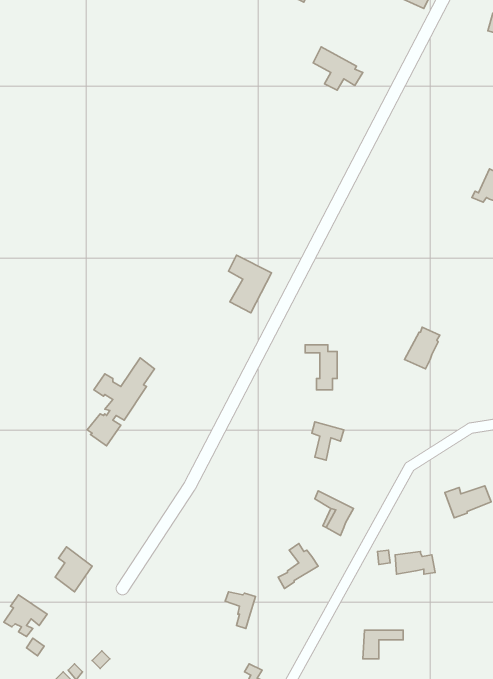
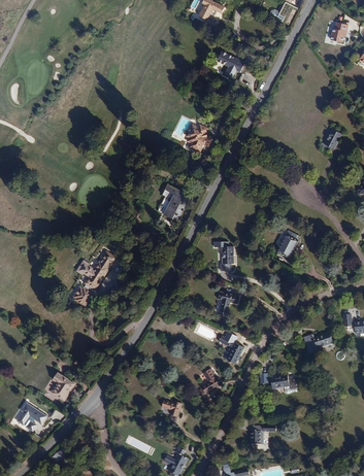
building: none -> [186,123,212,151]

